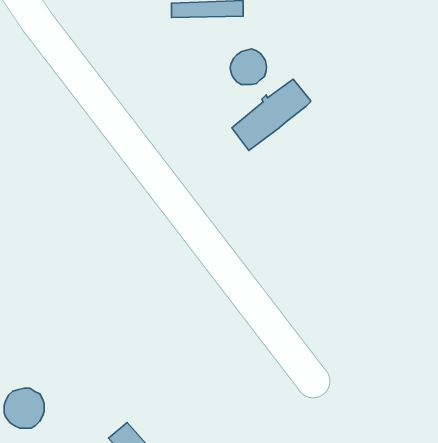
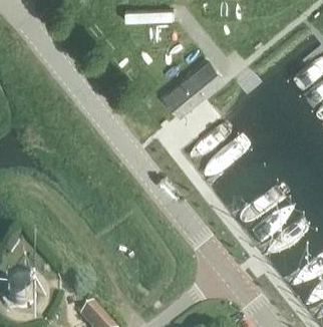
building: [230,49,267,85] -> none

